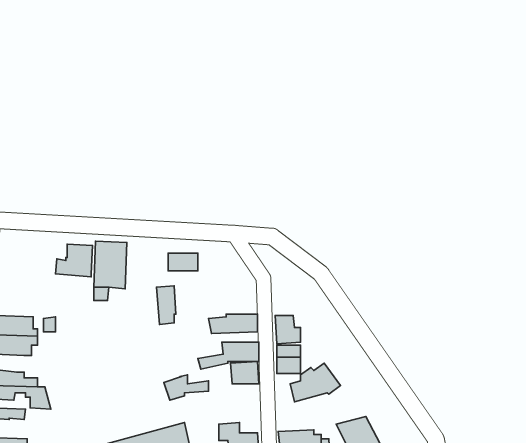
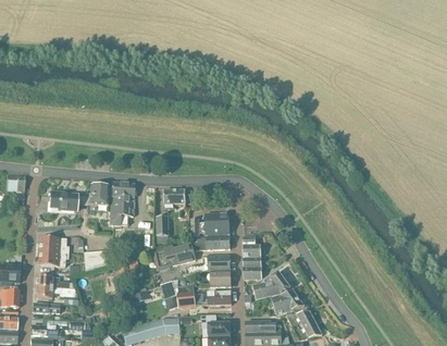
building: none -> [50,191,83,211]
building: none -> [191,212,229,235]
building: none -> [156,244,196,268]
building: none -> [271,291,305,314]
building: none -> [165,292,232,309]

